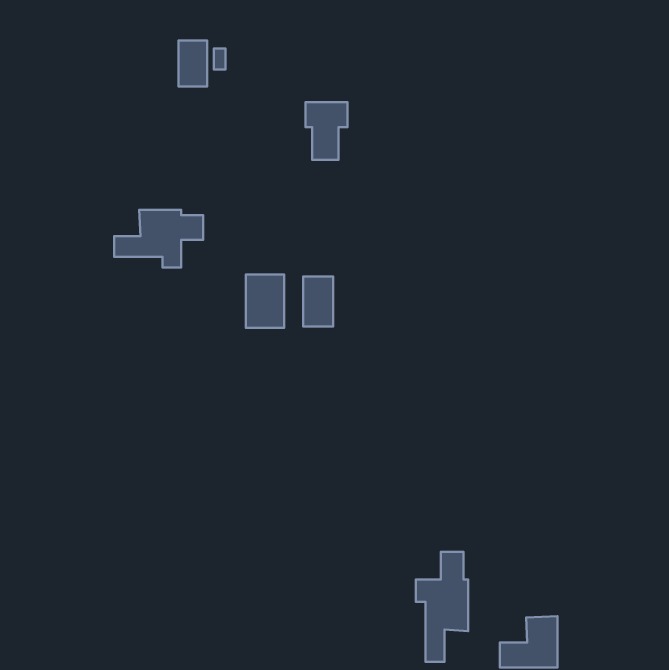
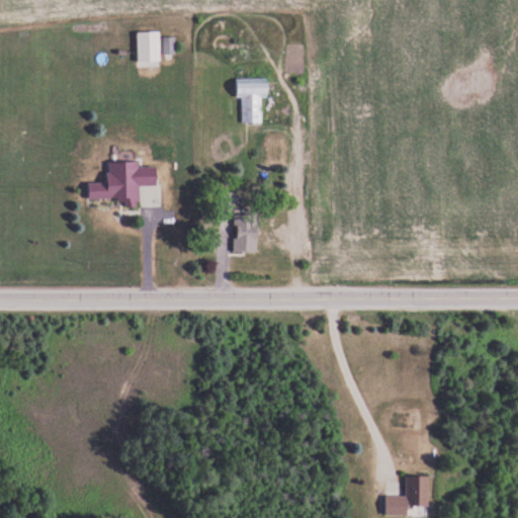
building: [246,274,284,328] -> none
building: [416,552,468,662] -> none

